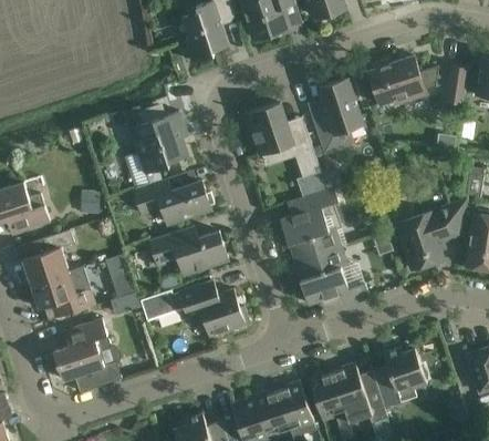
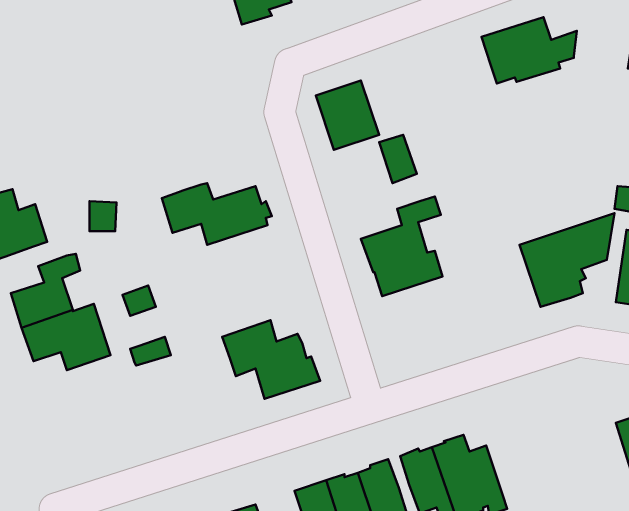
building: [446,66,468,104] -> none
building: [311,79,363,152] -> none
building: [125,105,188,184] -> none
building: [149,225,228,274] -> none
building: [295,247,370,307] -> none
building: [141,289,184,319] -> none
building: [54,319,122,392] -> none
building: [372,348,427,408] -> none

